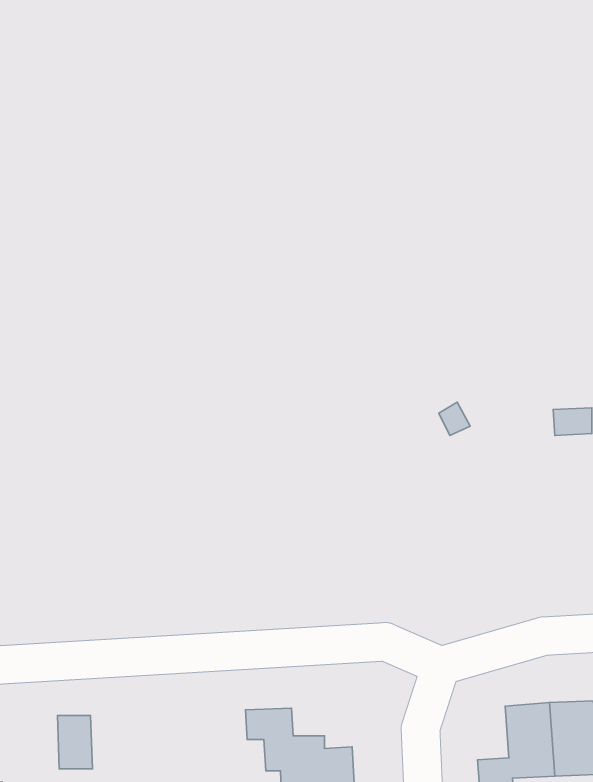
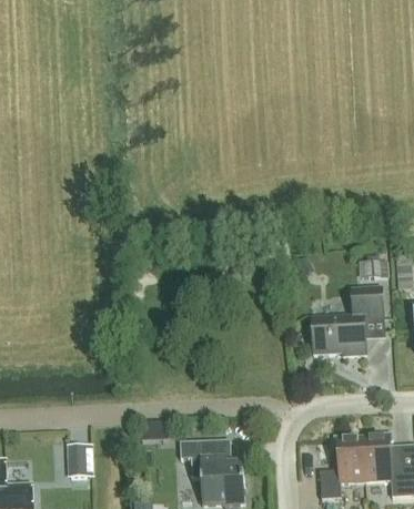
building: none -> [311,286,383,354]

